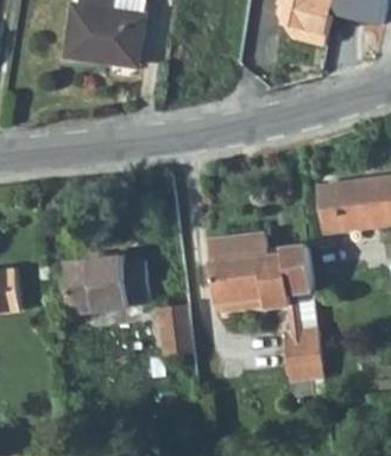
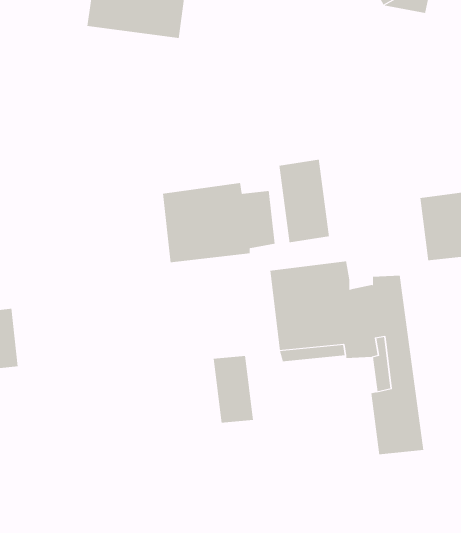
building: none -> [279,159,330,243]
building: [67,252,152,312] -> [162,182,276,263]

